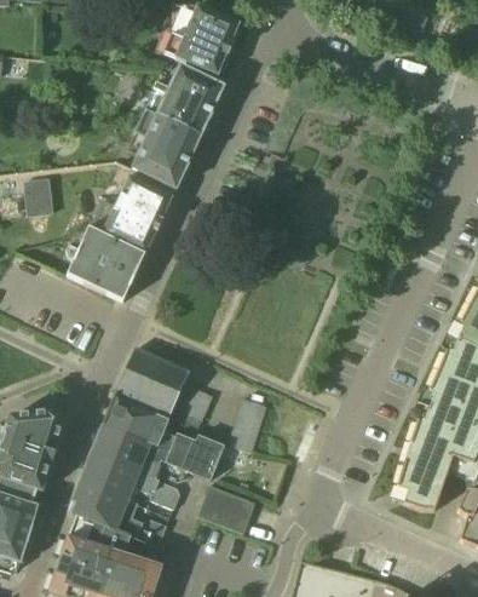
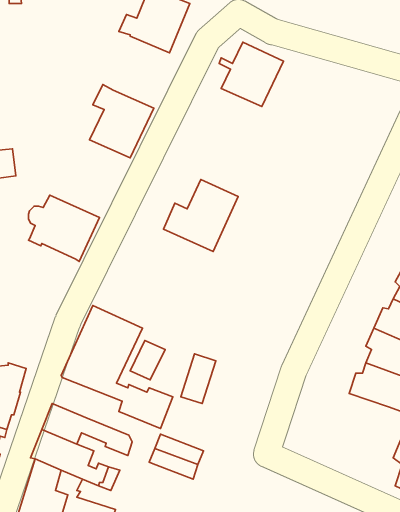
building: [156,65,225,134] -> [219,42,283,106]
building: [91,174,171,252] -> [163,179,238,252]
building: [93,424,168,467] -> none
building: [397,441,454,509] -> none

